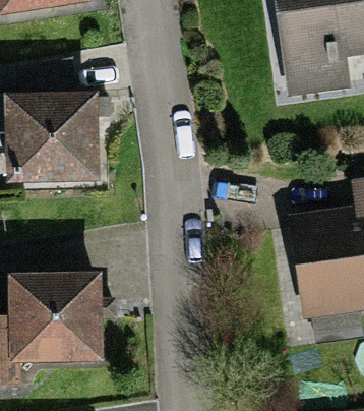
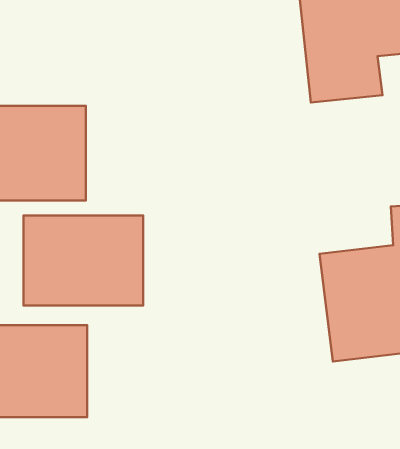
building: none -> [24,216,143,306]

